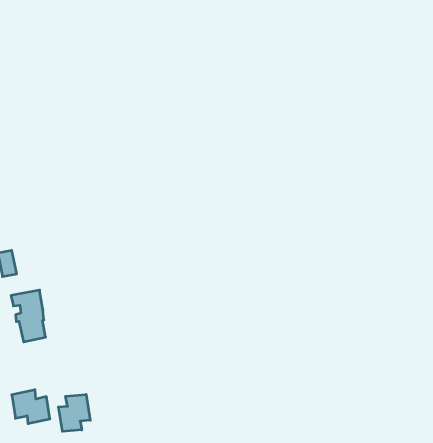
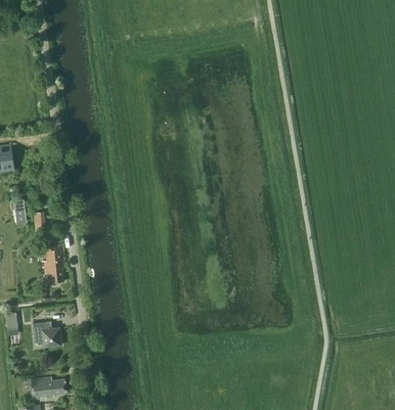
building: [58,394,90,431] -> none

